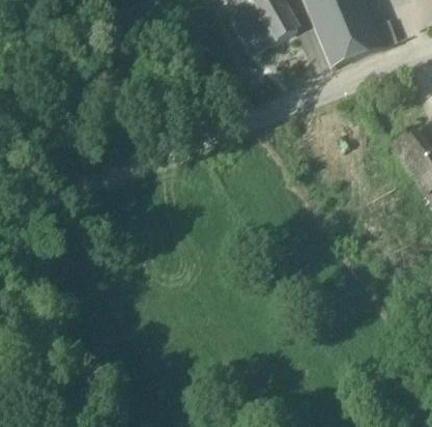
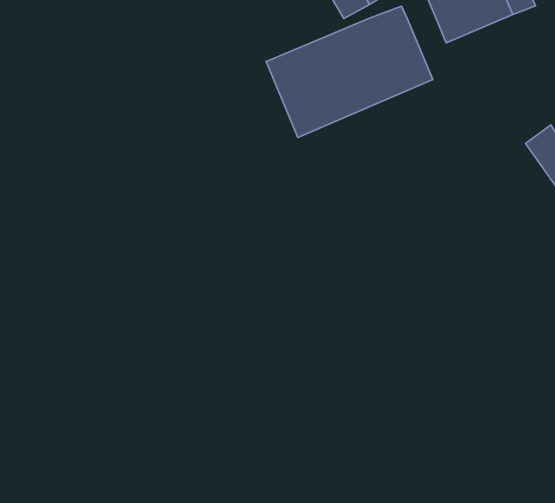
building: none -> [266,6,433,137]

